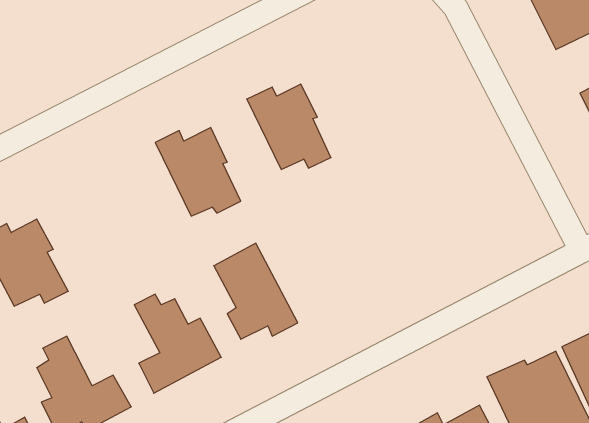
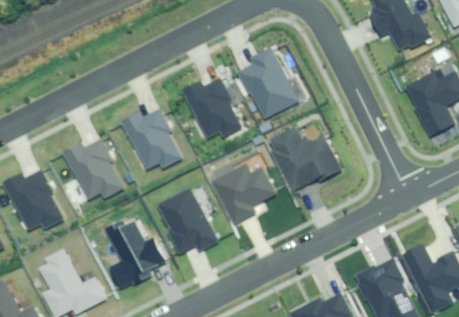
building: none -> [243,48,297,116]
building: none -> [269,129,342,188]
building: none -> [64,139,124,197]
building: none -> [212,161,277,223]

